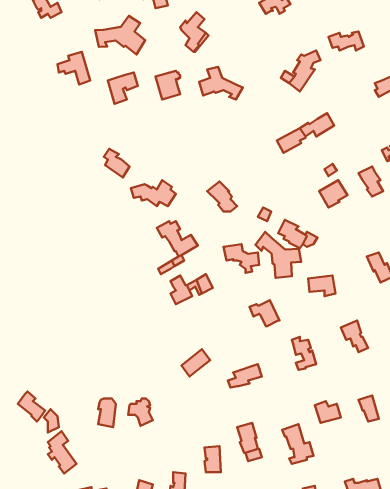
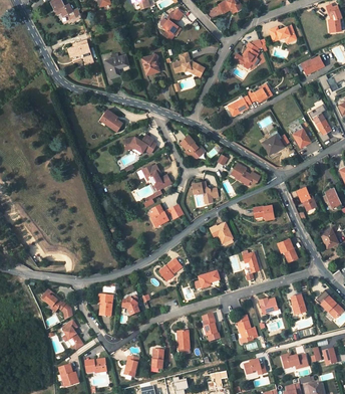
building: [95,16,145,54] -> none
building: [255,232,301,278] -> none

